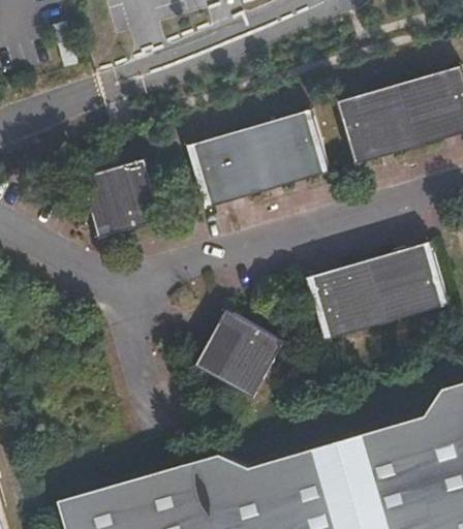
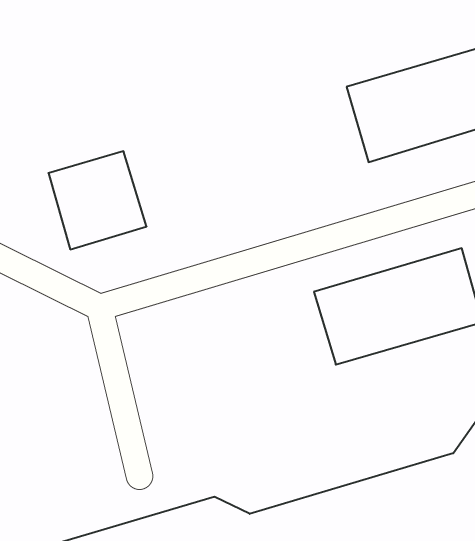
building: [188,108,329,210] -> none
building: [197,307,284,397] -> none

